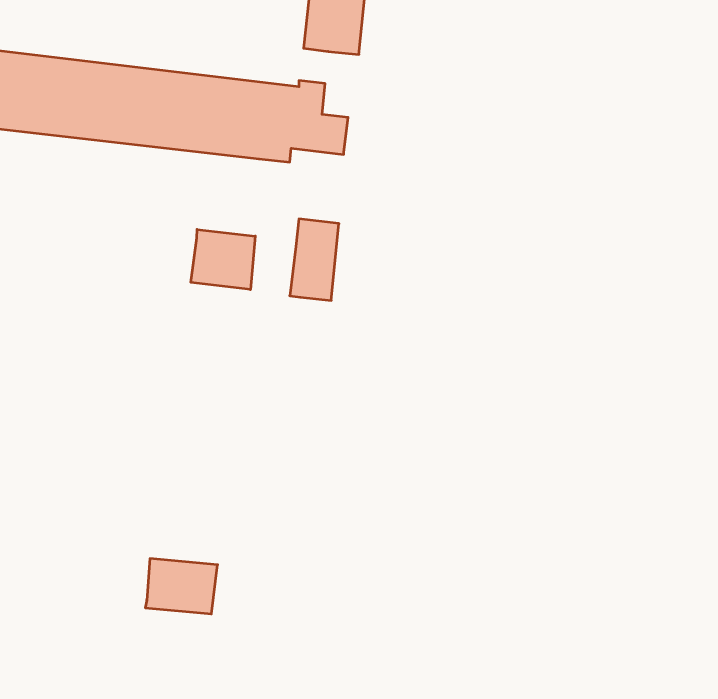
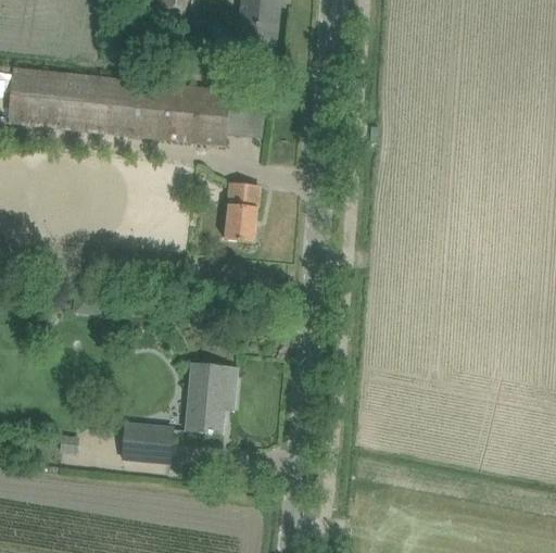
building: [191,229,255,290] -> none
building: none -> [185,364,237,433]

